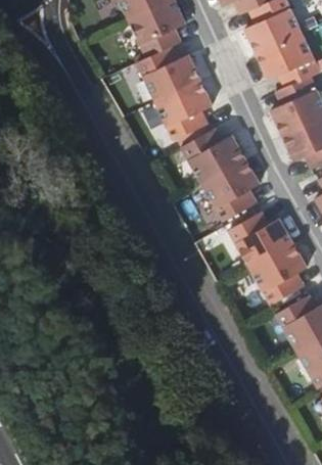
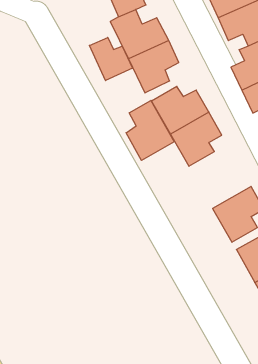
building: none -> [89,37,132,81]
building: none -> [126,100,174,160]
building: [228,214,292,268] -> none

